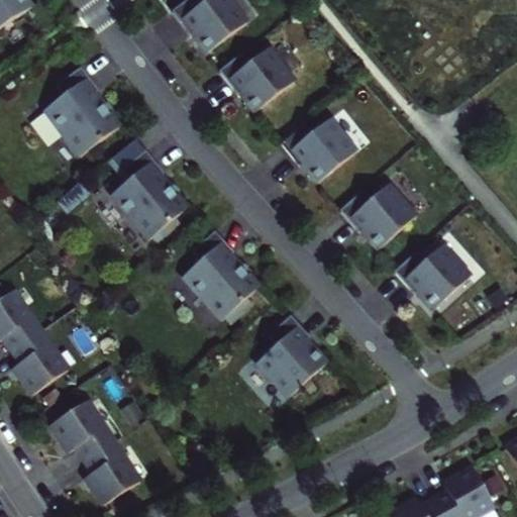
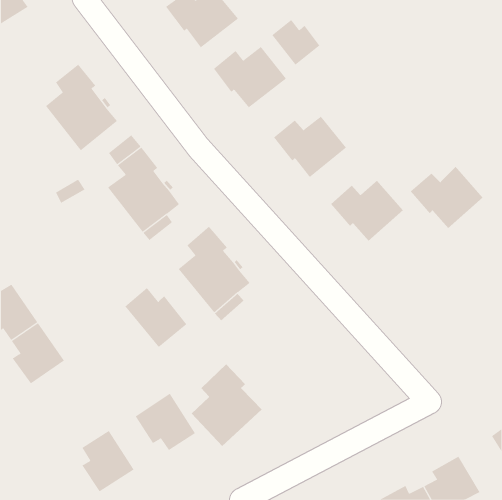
building: none -> [272,19,320,65]
building: [394,244,470,309] -> [410,166,483,229]
building: none -> [125,287,187,348]
building: [251,312,325,398] -> [191,363,262,447]
building: [49,401,112,460] -> [135,393,196,451]

